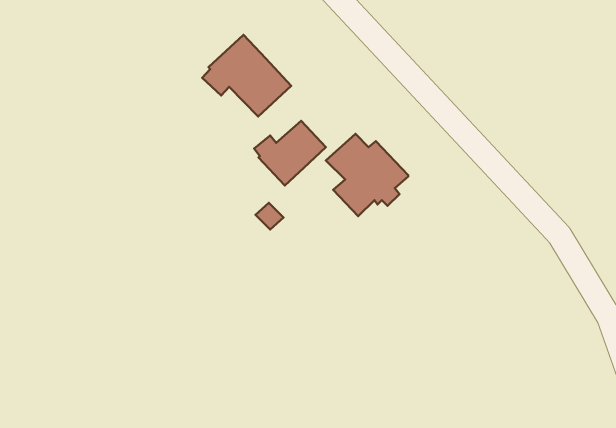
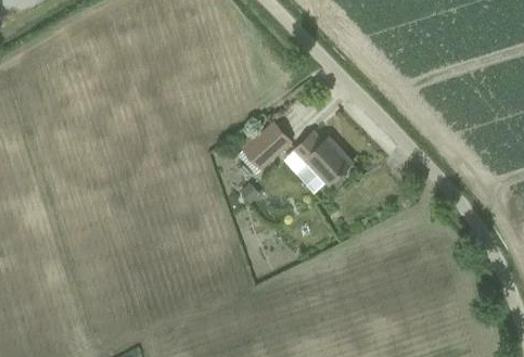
building: [202,35,291,117] -> none

